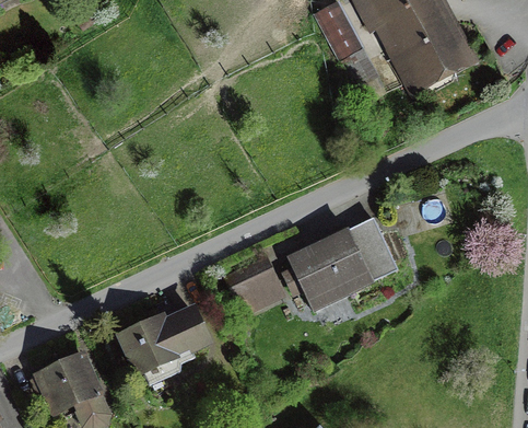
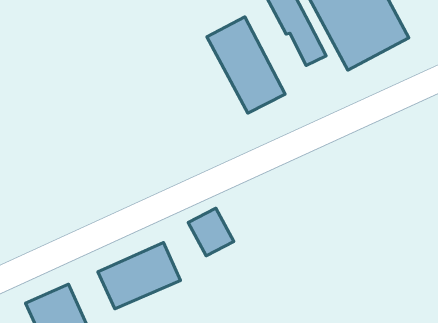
building: none -> [207,17,285,113]
building: [289,215,397,308] -> none

